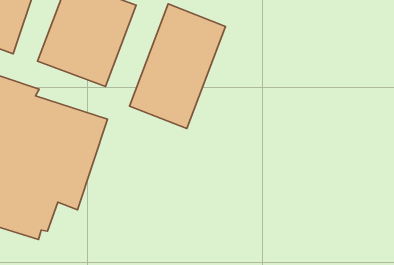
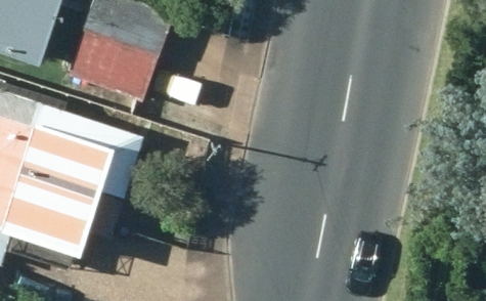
building: [130,4,226,129] -> none

